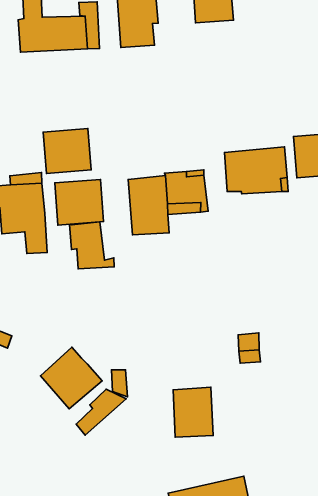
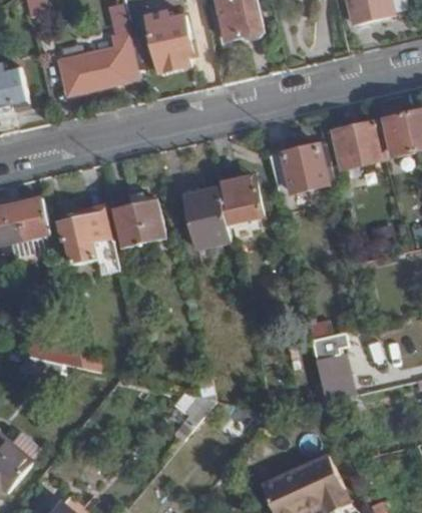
building: [43,129,91,174] -> none
building: [69,222,114,269] -> none
building: [40,347,102,409] -> none
building: [173,387,213,437] -> [310,351,354,403]

